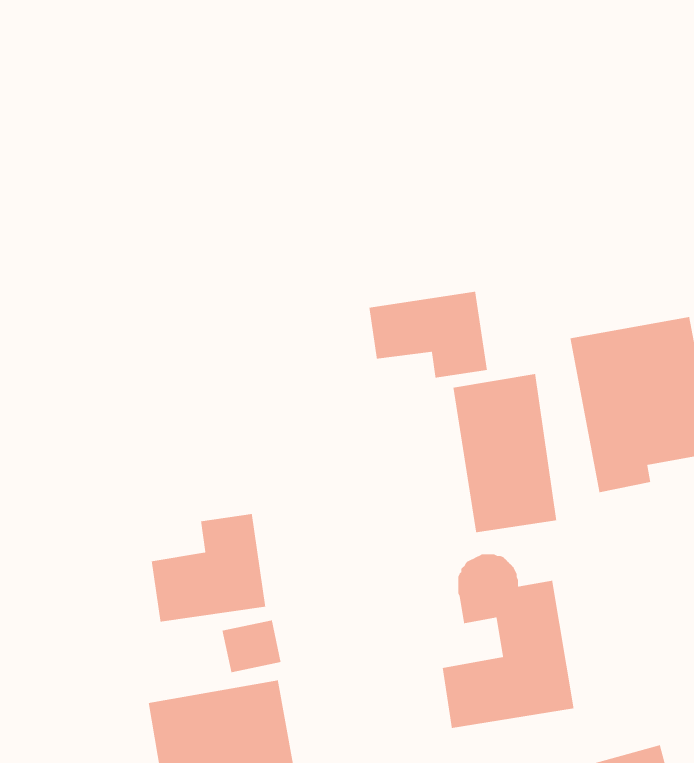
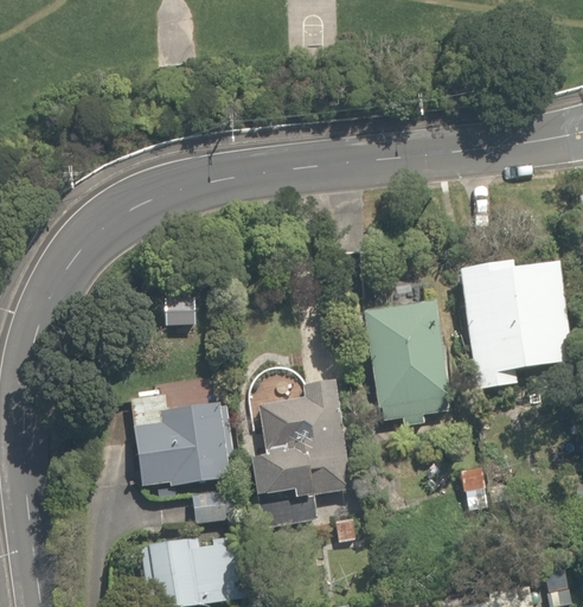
building: [369,291,488,378] -> none
building: [442,554,574,729] -> [244,371,346,506]

